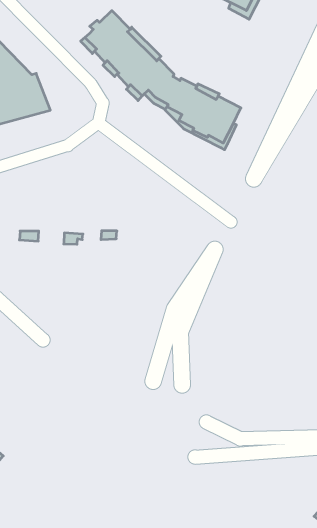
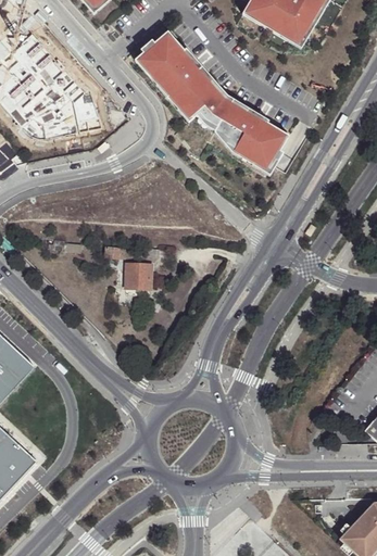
building: none -> [126,265,152,291]

